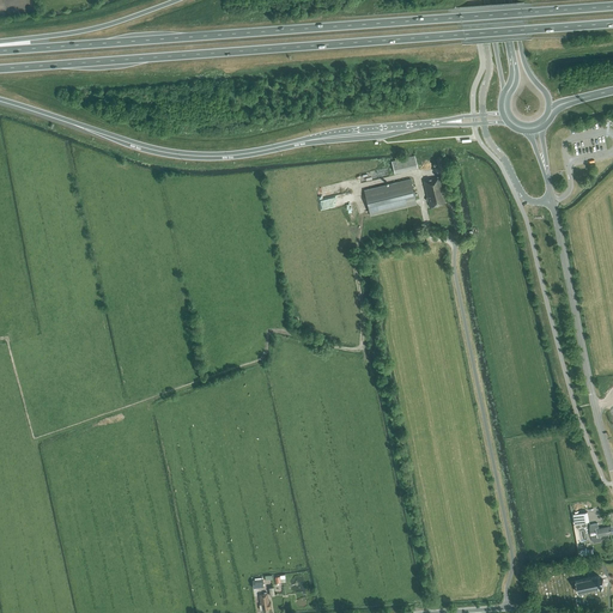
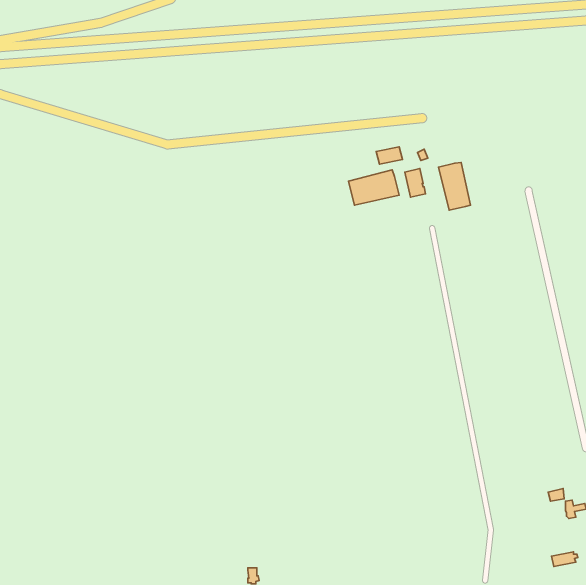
building: none -> [438,162,470,210]

